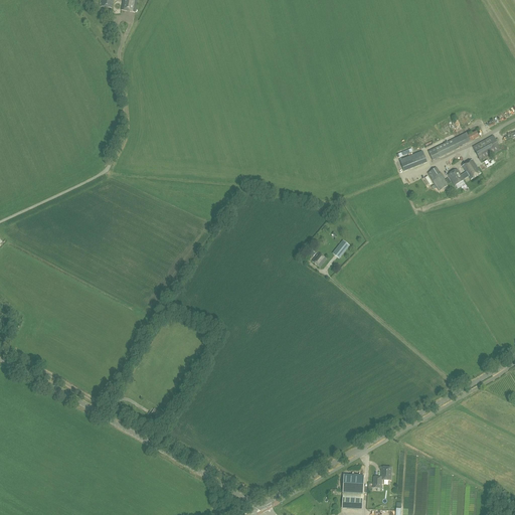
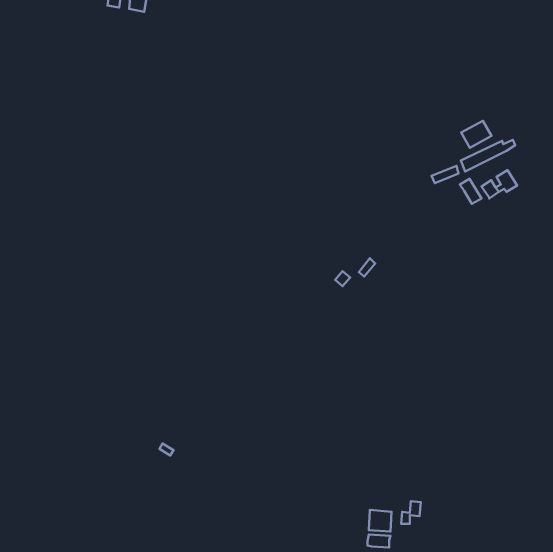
building: [472,134,500,159] -> [461,121,492,148]

